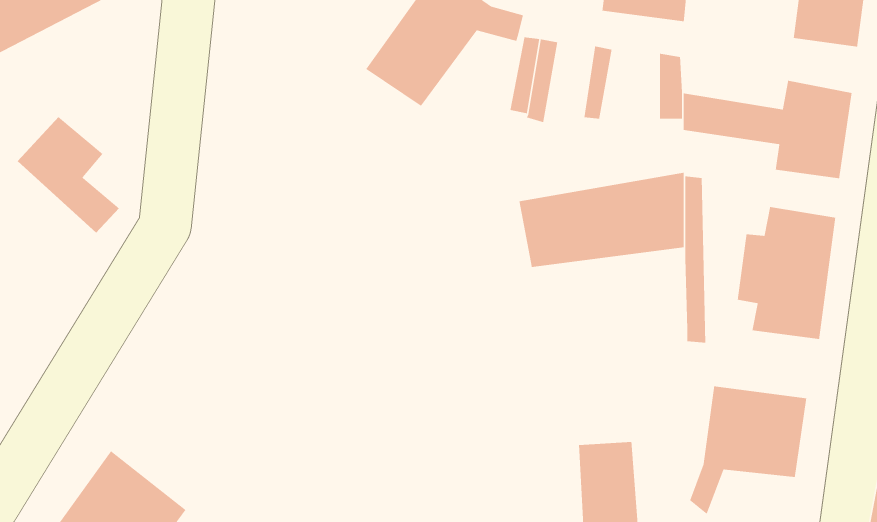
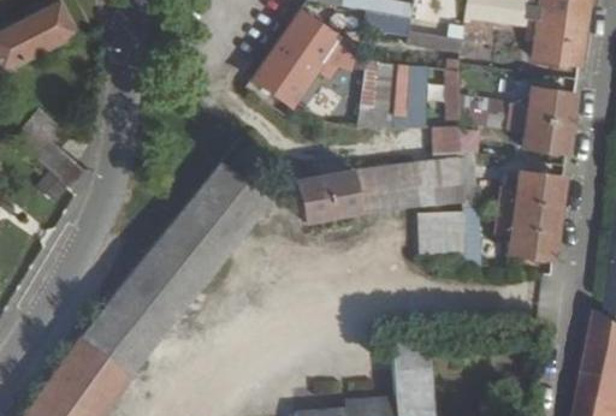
building: none -> [81,164,268,375]
building: none -> [300,170,361,224]
building: none -> [422,208,464,255]
building: [689,385,807,515] -> none

